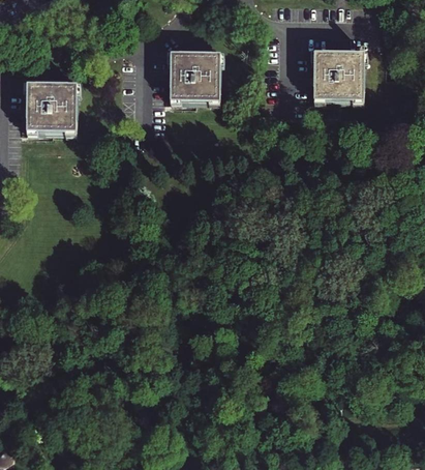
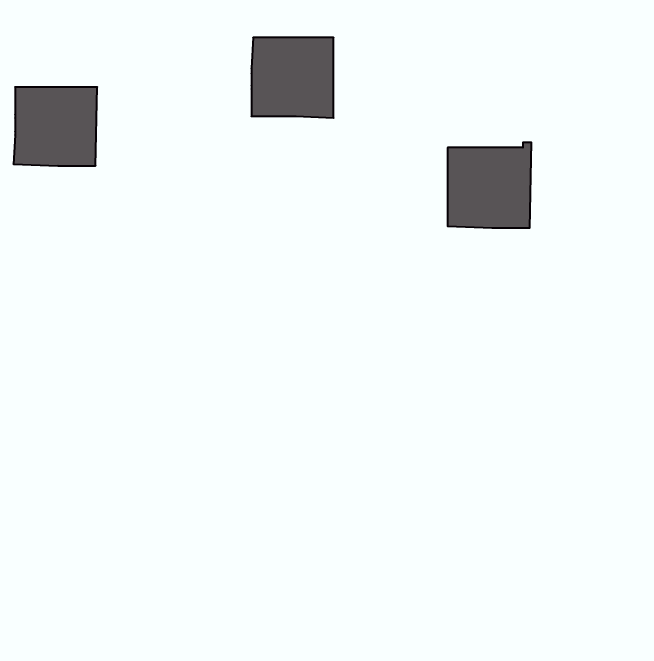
building: [316,49,367,100] -> [448,142,531,228]

